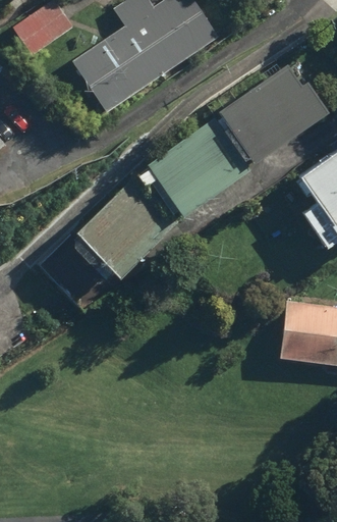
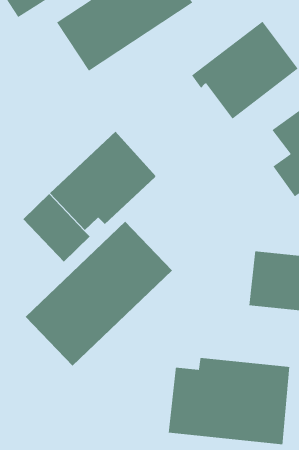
building: [141,116,254,217] -> none
building: none -> [25,221,173,367]
building: none -> [168,357,290,445]

